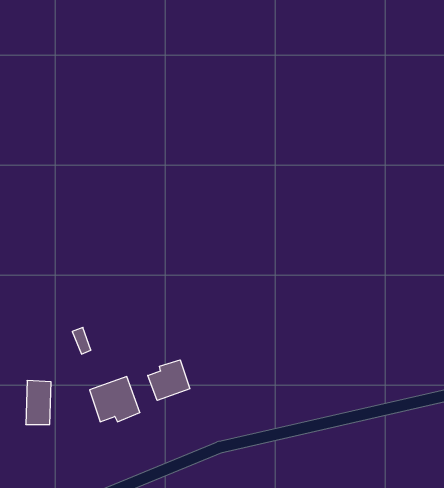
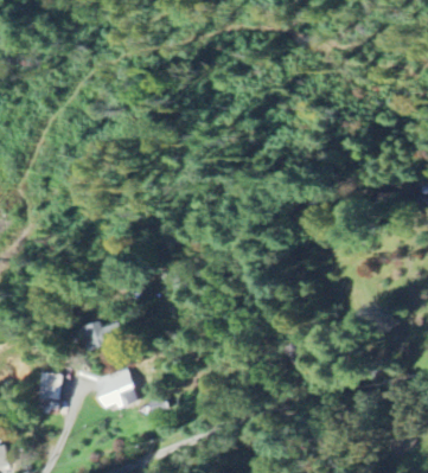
building: [148,360,190,400] -> none

